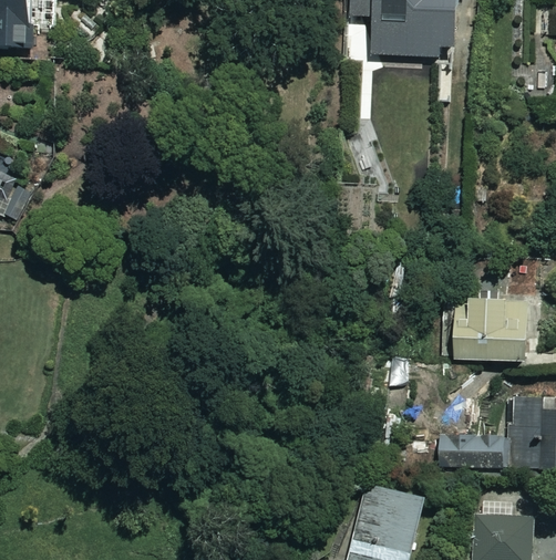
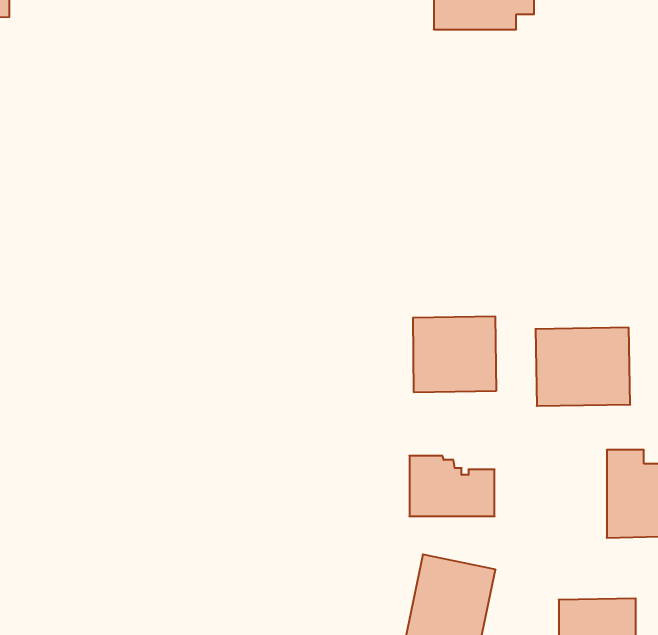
building: none -> [413,316,496,392]
building: [440,425,508,474] -> [409,456,495,516]

